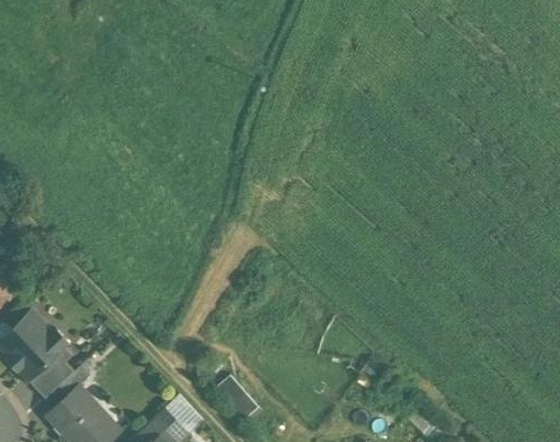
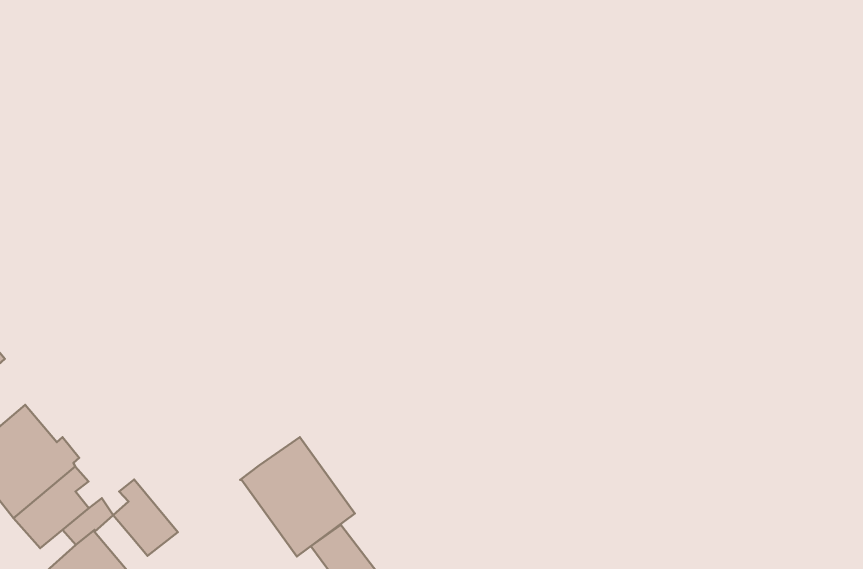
building: none -> [240,437,355,557]
building: none -> [113,480,178,556]

